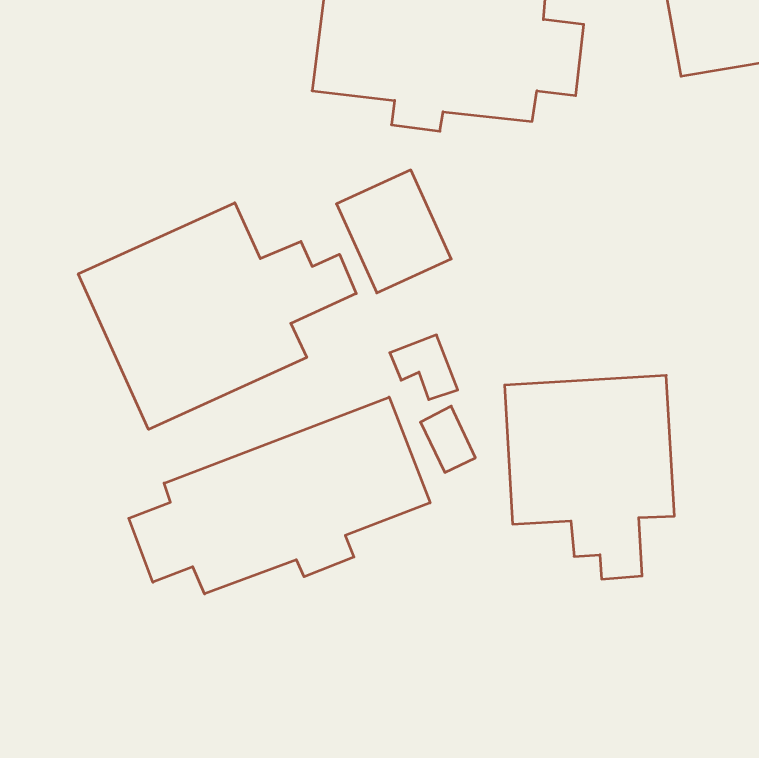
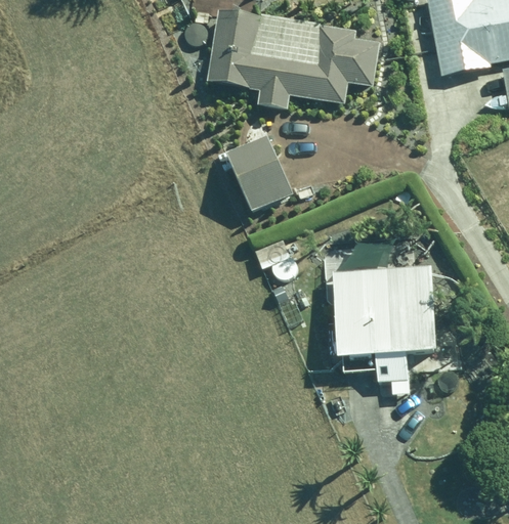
building: [78,203,356,429] -> none
building: [129,397,430,594] -> none

